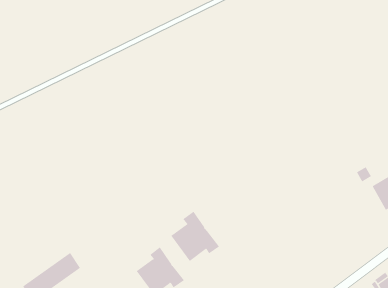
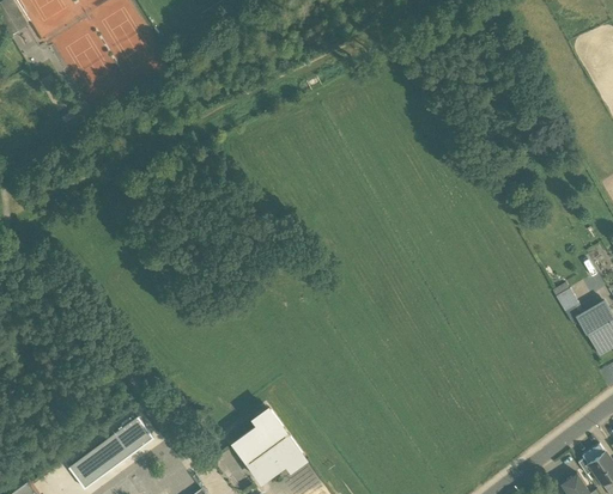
building: [170,211,220,262] -> none

